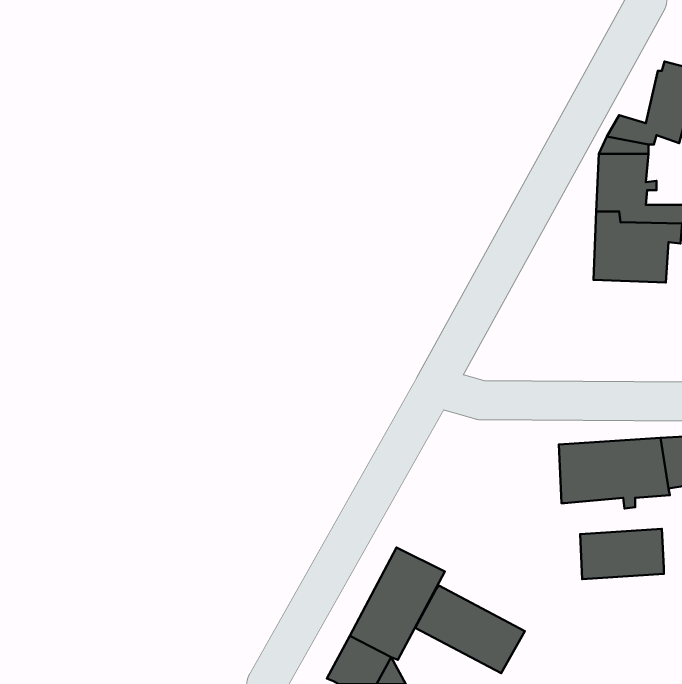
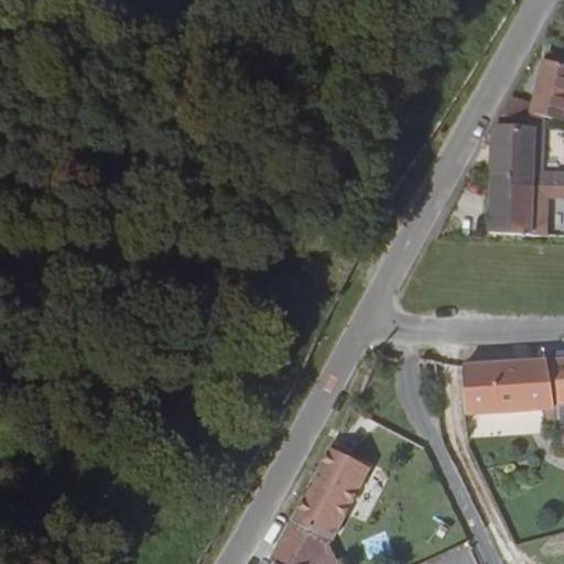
building: [580,529,664,579] -> none
building: [415,586,525,673] -> none

